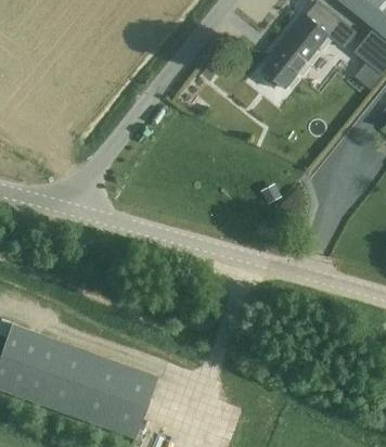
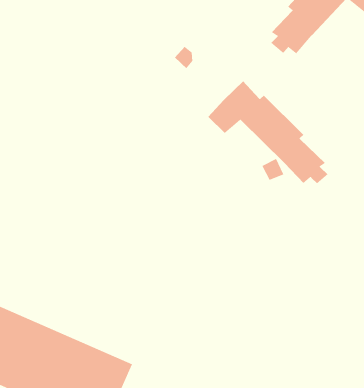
building: none -> [207,80,328,184]

